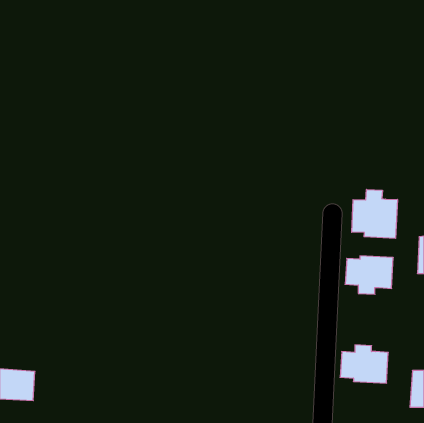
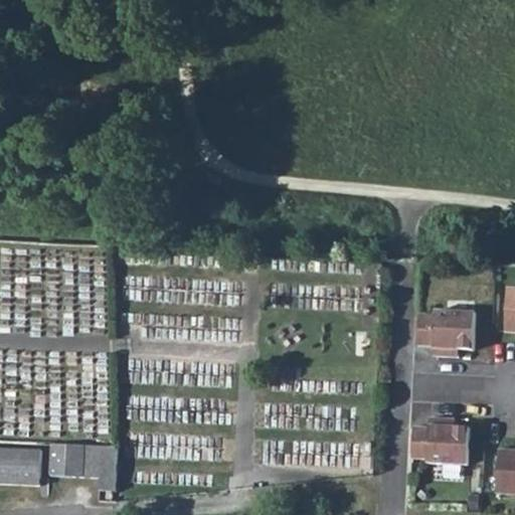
building: [352,189,397,238] -> none
building: none -> [51,443,118,490]

